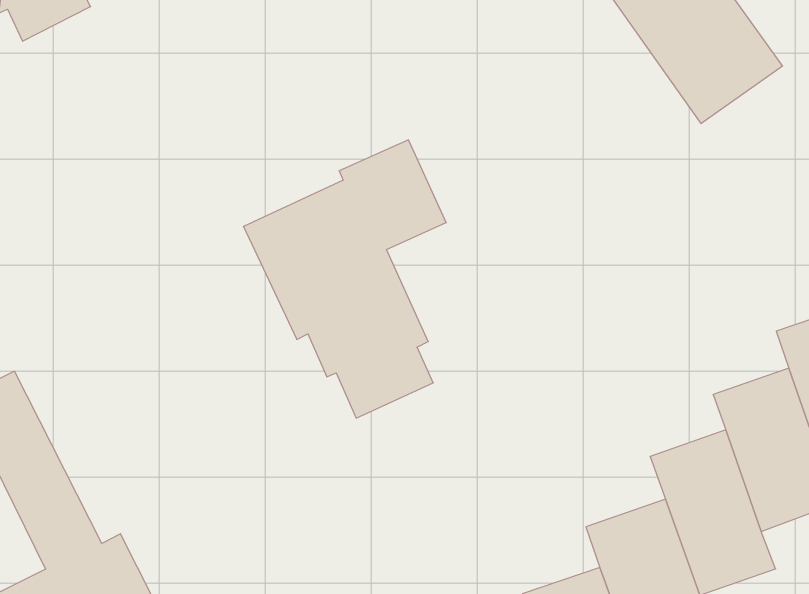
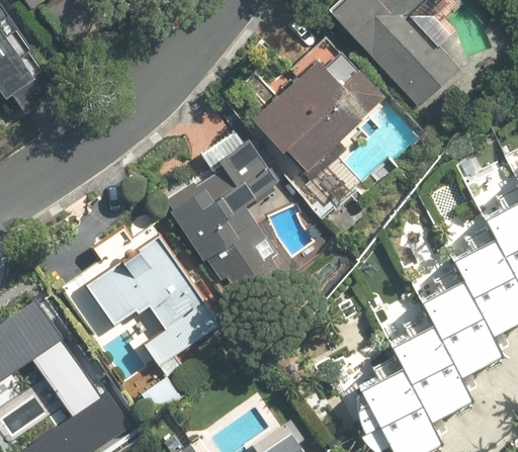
building: none -> [248,61,385,177]
building: none -> [80,234,218,365]

